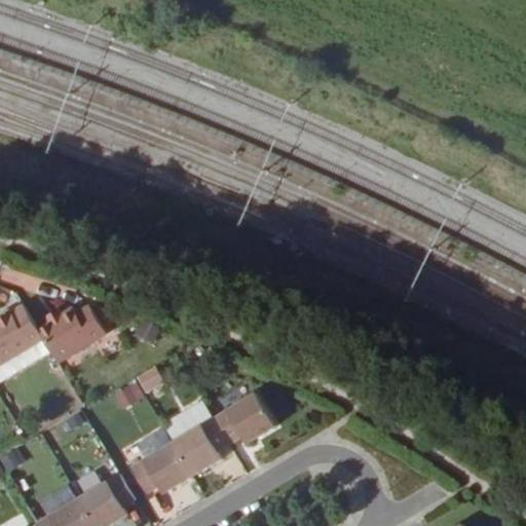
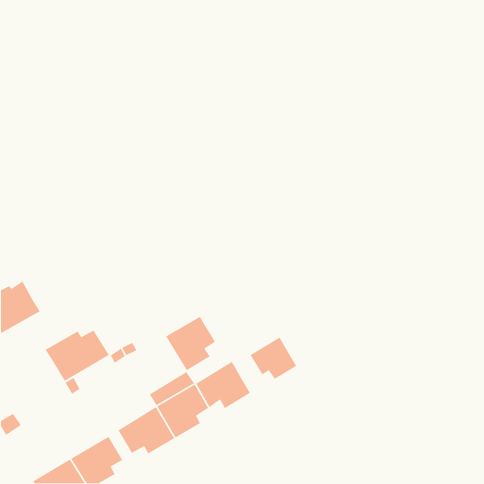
building: [37,305,108,362] -> [45,330,110,382]
building: none -> [165,316,216,371]
building: none -> [249,336,297,380]

